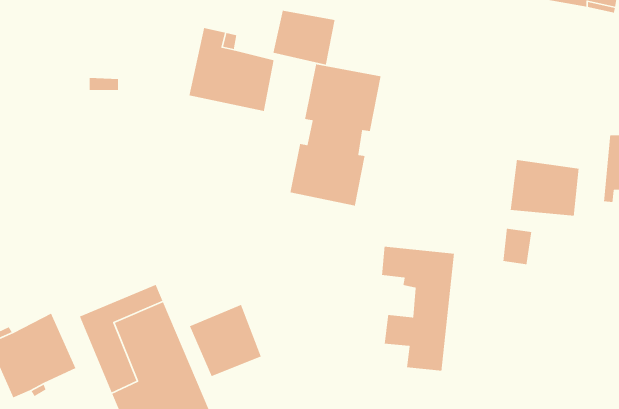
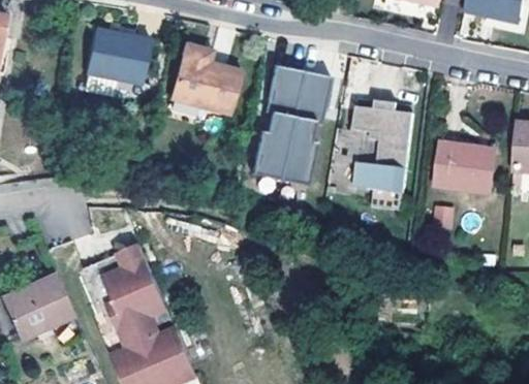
building: [273,10,336,65] -> none
building: none -> [79,23,146,79]
building: [381,246,455,372] -> [351,107,412,212]
building: [189,304,262,377] -> none

